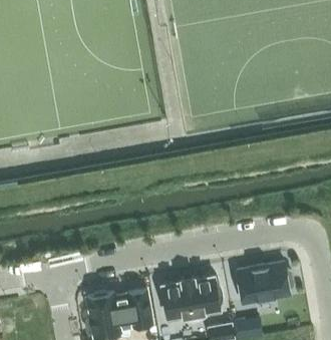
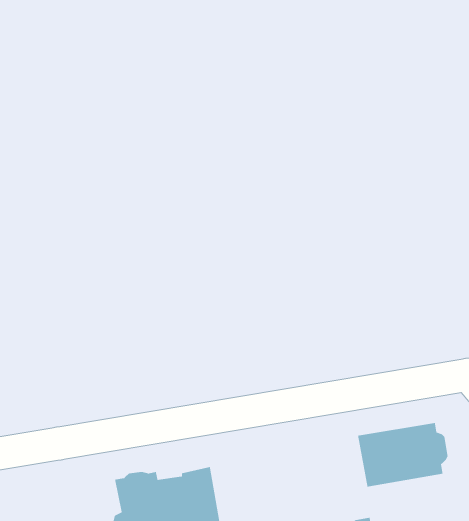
building: [161,276,220,319] -> none

